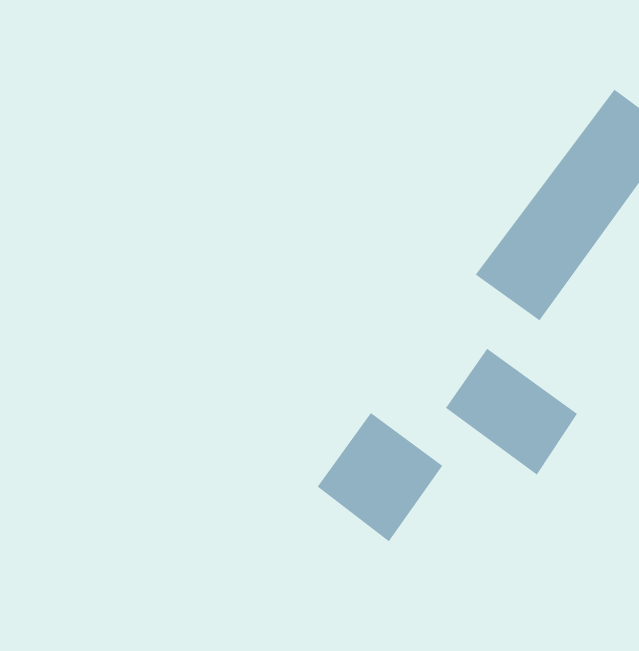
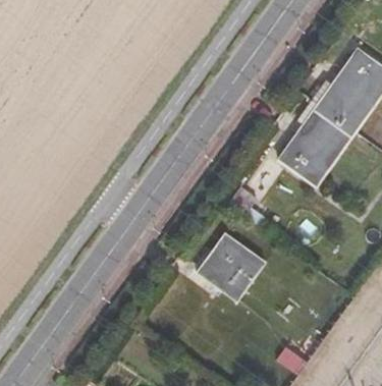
building: [445,348,578,476] -> none

